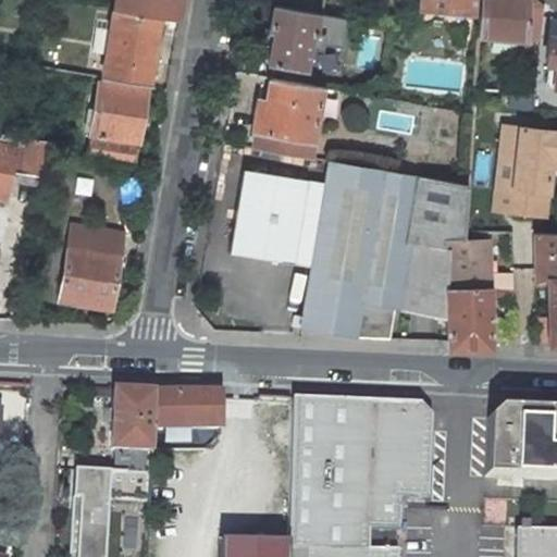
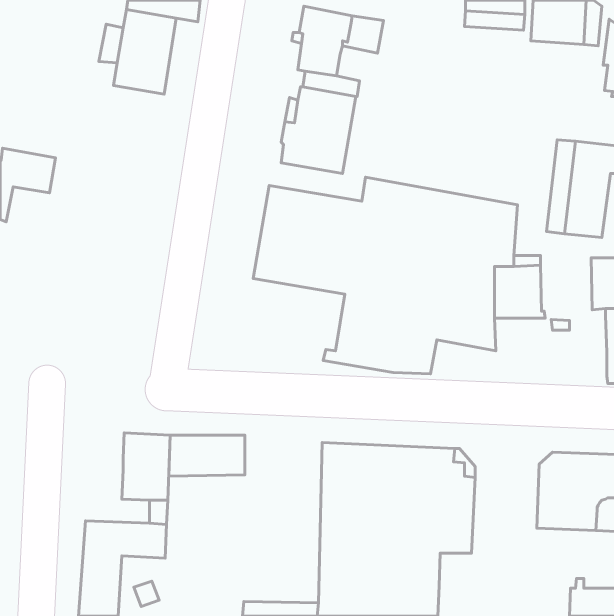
building: [89,83,149,165] -> none
building: [61,228,125,308] -> none
building: [448,287,493,349] -> none

